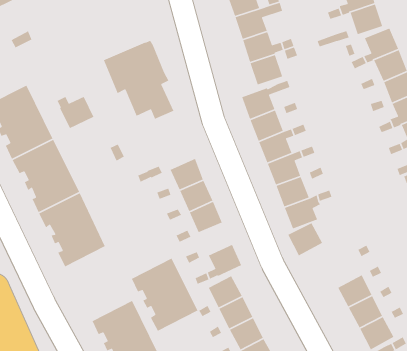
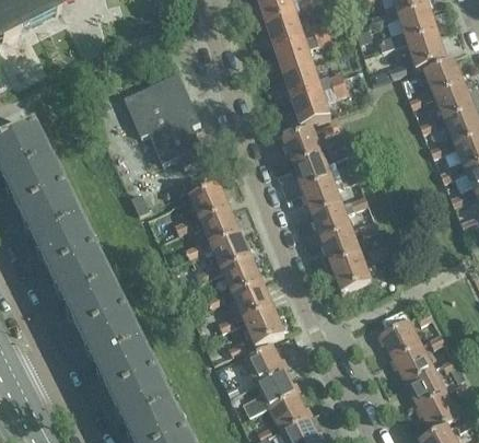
building: [56,96,94,129] -> none
building: none -> [190,185,231,223]
building: [287,222,323,257] -> [381,319,422,359]
building: none -> [234,284,273,322]
building: [131,257,198,332] -> [81,312,159,397]

